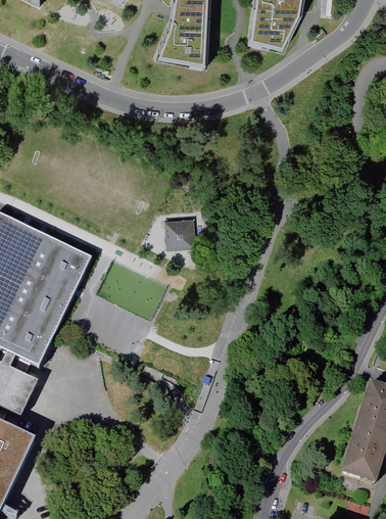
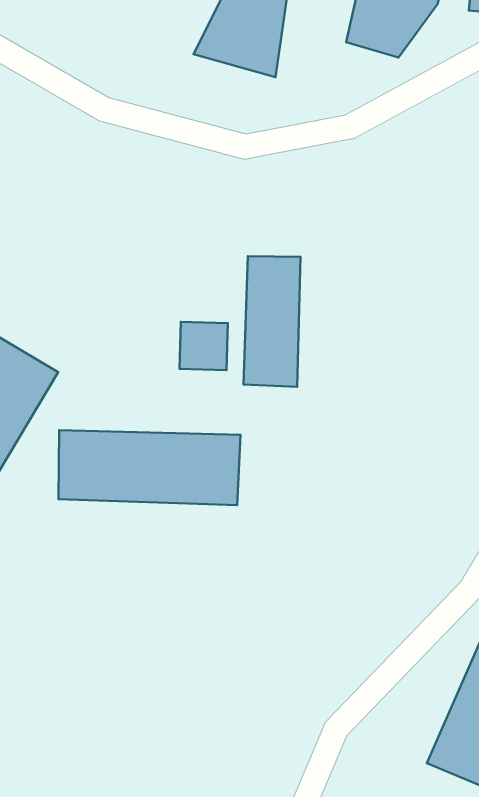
building: none -> [244,256,301,387]
building: none -> [58,430,240,505]

